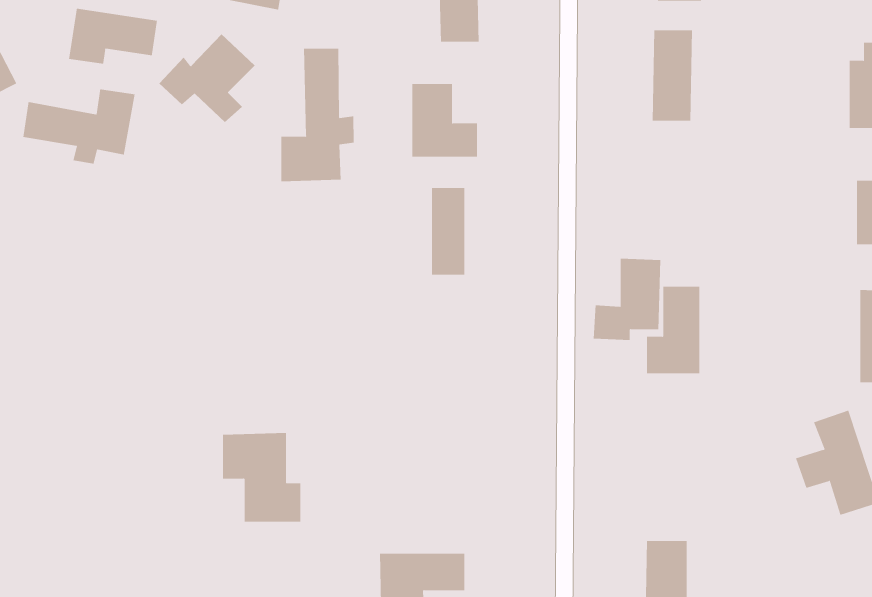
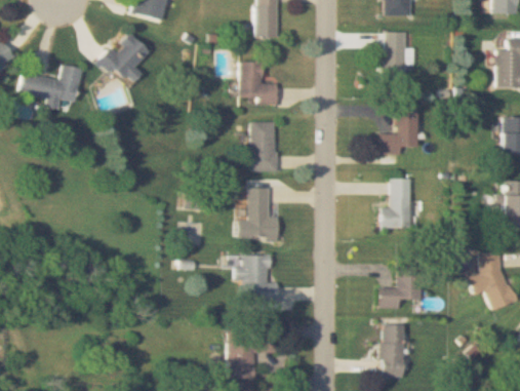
building: [69,8,158,65] -> none
building: [281,48,354,182] -> none
building: [593,258,661,341] -> [378,106,417,153]
building: none -> [245,188,277,240]
building: [222,433,301,522] -> [232,253,277,305]
building: none -> [377,264,419,307]

